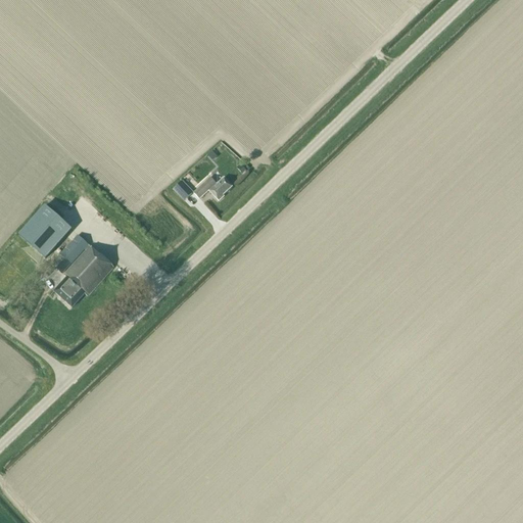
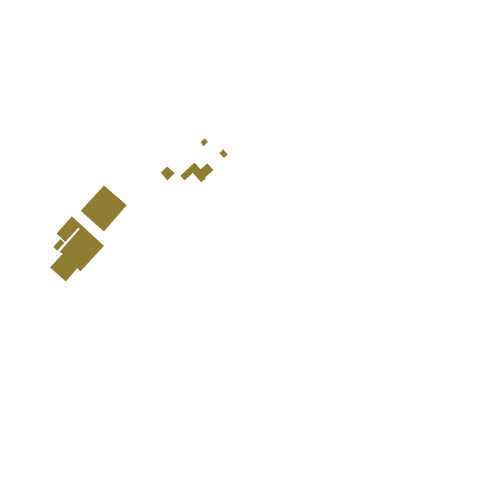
building: [18,204,70,256] -> [80,184,128,233]

